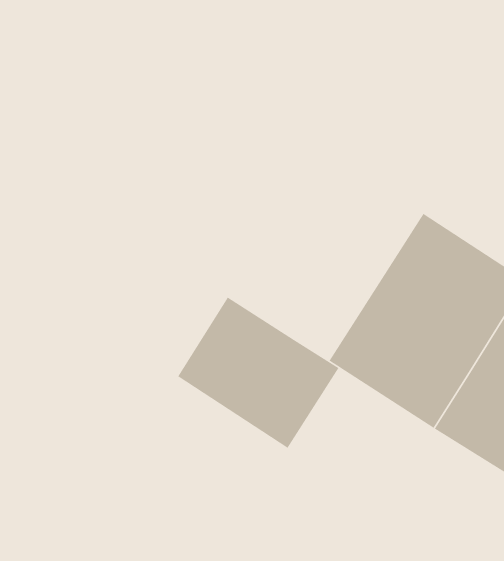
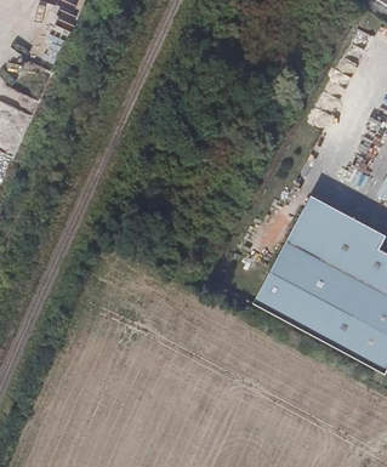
building: [177,296,340,449] -> none

